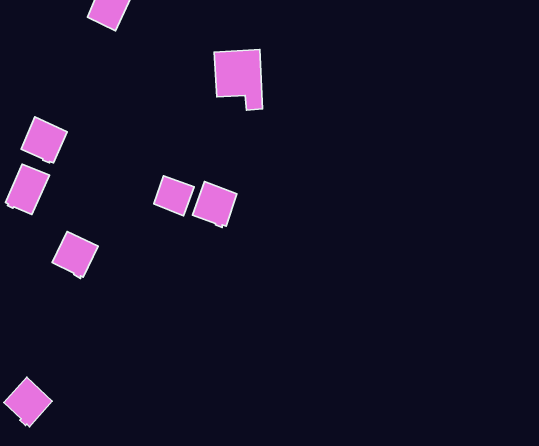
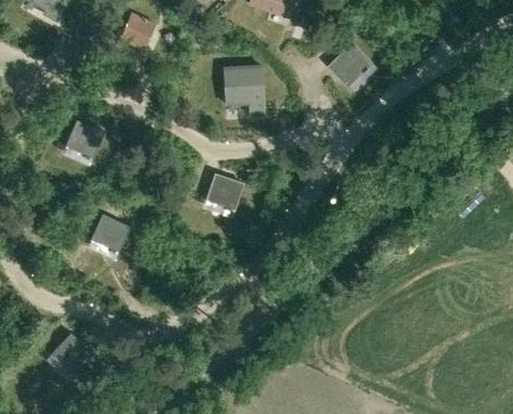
building: none -> [329,42,373,86]
building: [6,164,50,215] -> none
building: [154,176,194,216] -> none

